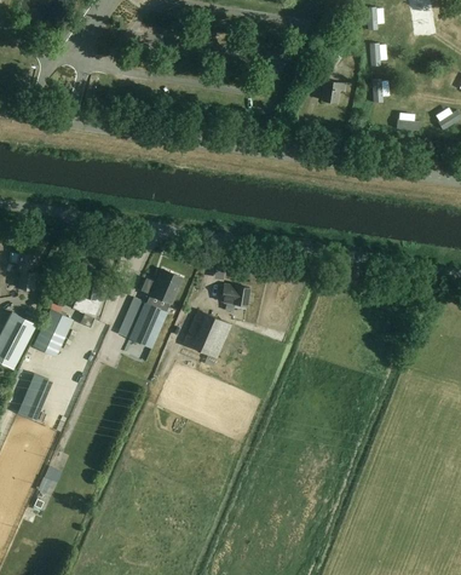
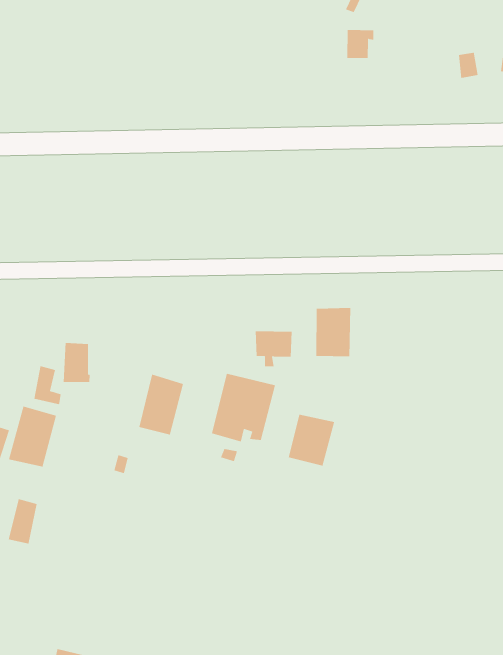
building: [150,269,181,303] -> none
building: none -> [316,307,351,357]
building: none -> [288,414,335,467]

